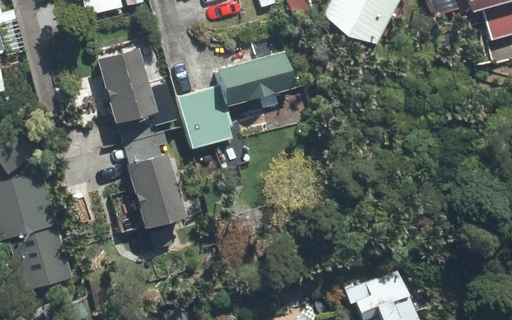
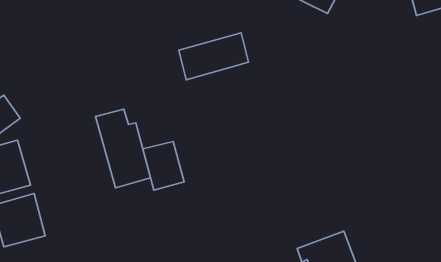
building: [98,48,156,141] -> none
building: [185,89,230,142] -> [143,142,184,190]

